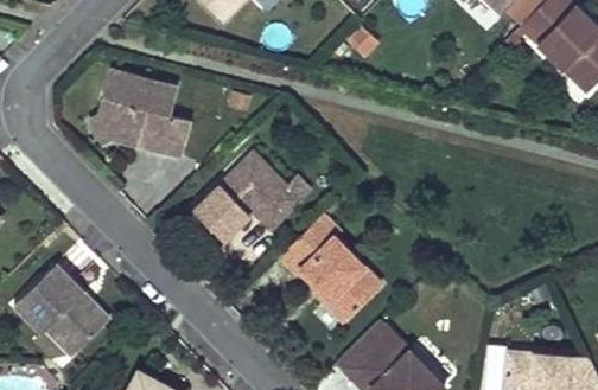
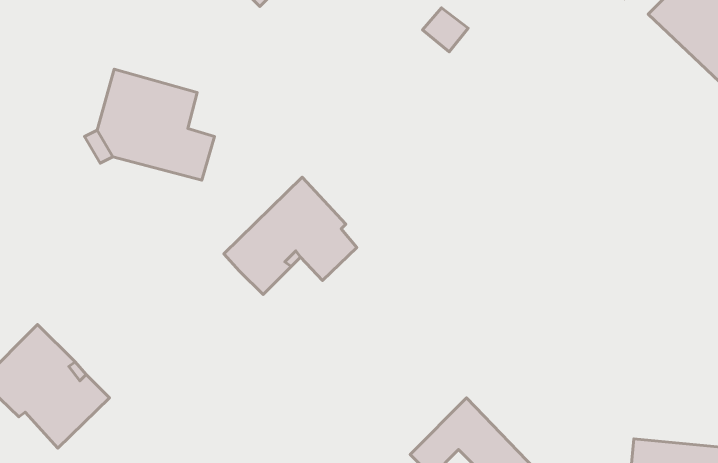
building: [280,213,380,318] -> none

